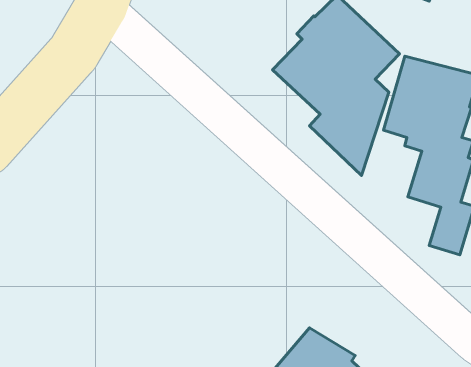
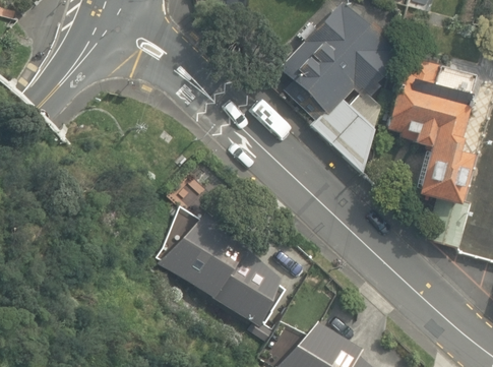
building: none -> [159,215,282,327]

